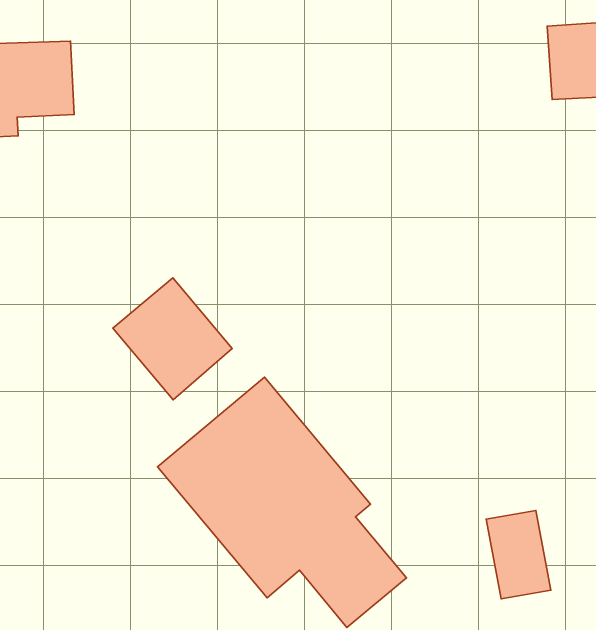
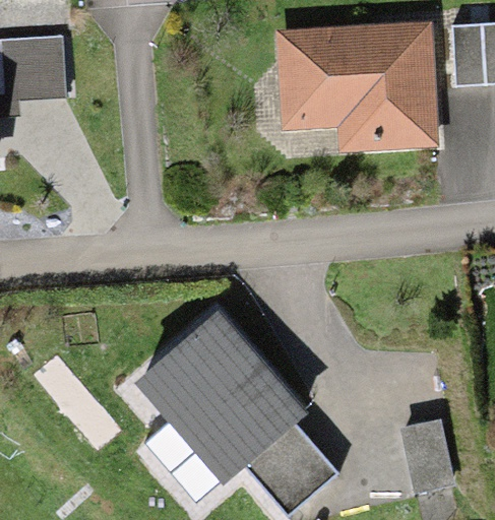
building: none -> [276,22,439,149]
building: [113,278,232,400] -> none

